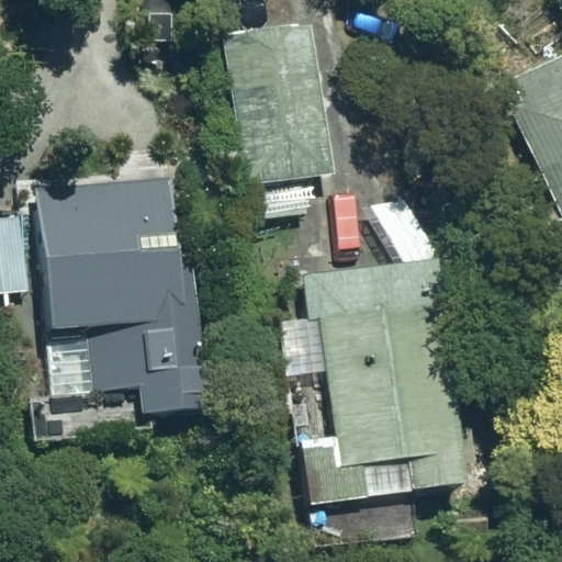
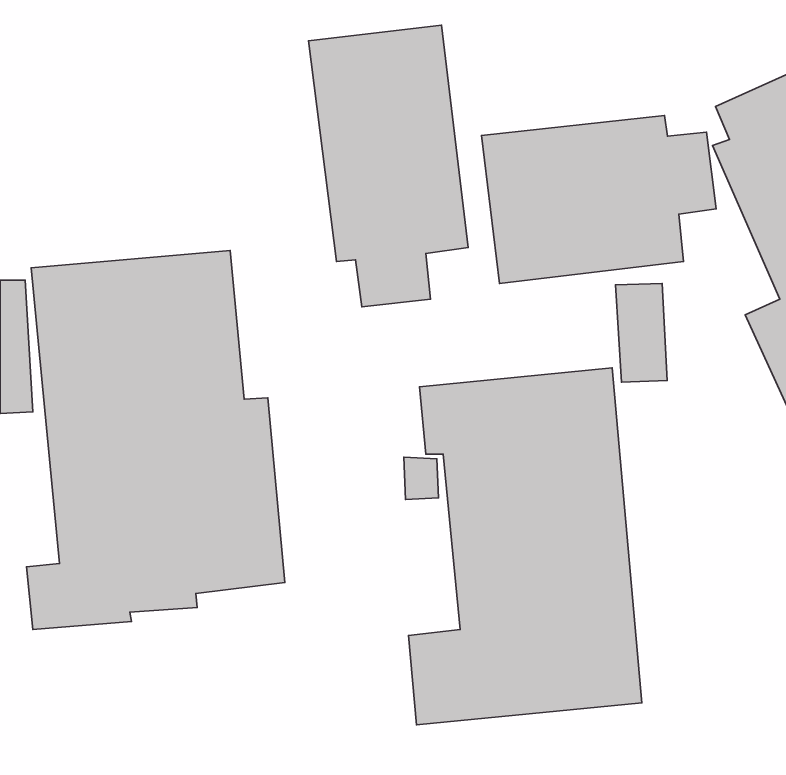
building: none -> [481,116,716,284]

